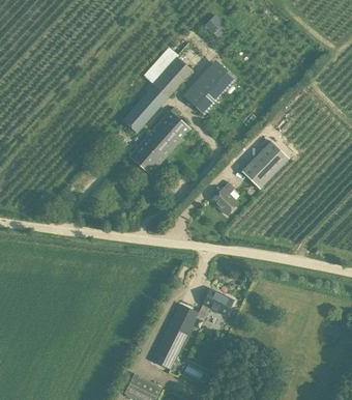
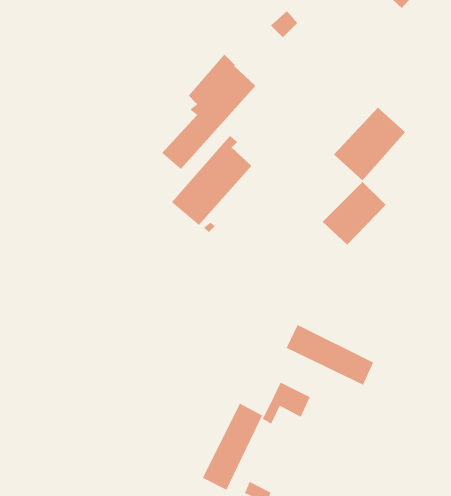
building: [181,59,235,114] -> [333,107,406,181]
building: [210,182,237,216] -> none
building: none -> [286,324,374,386]

